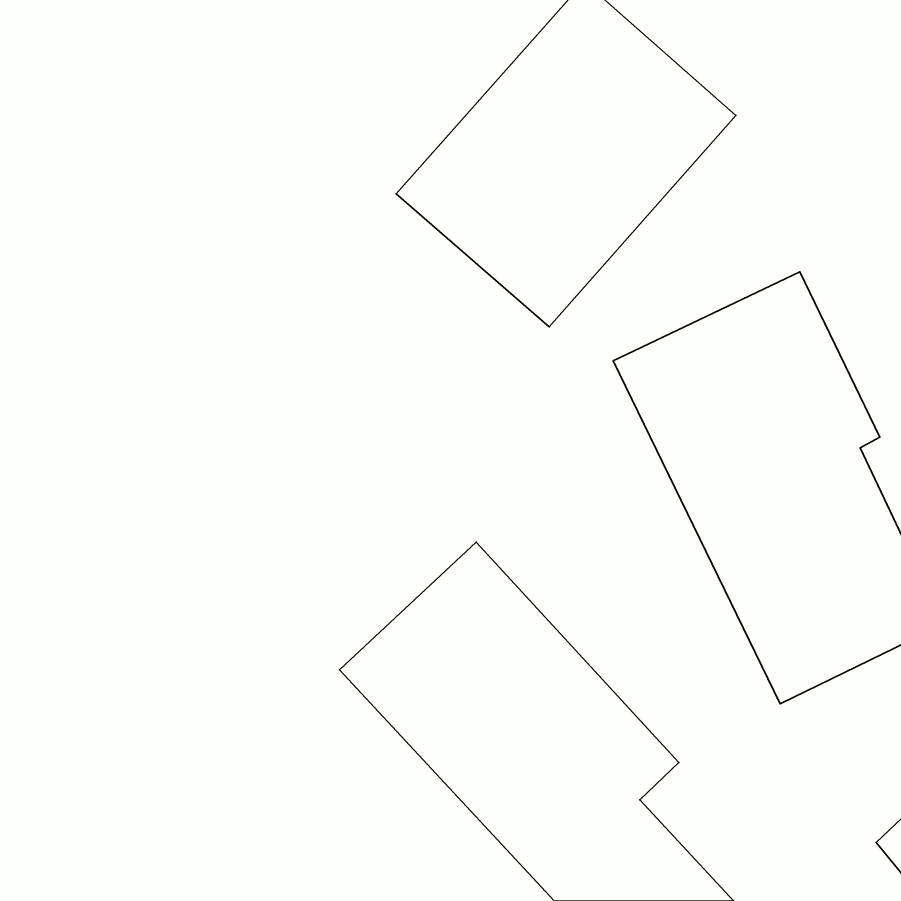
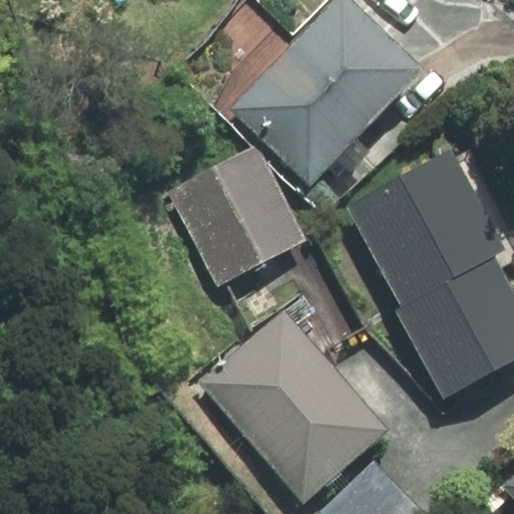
building: none -> [174,151,302,285]

